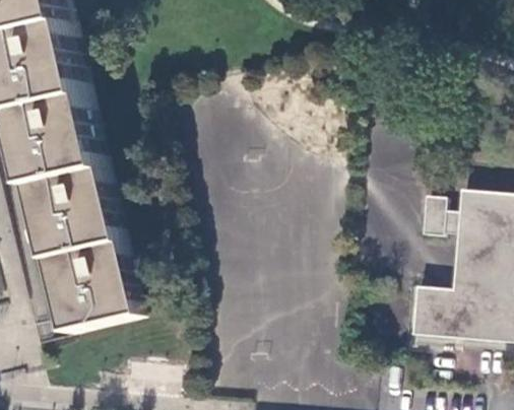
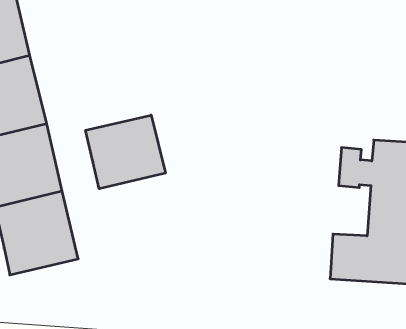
building: none -> [86,115,165,189]

